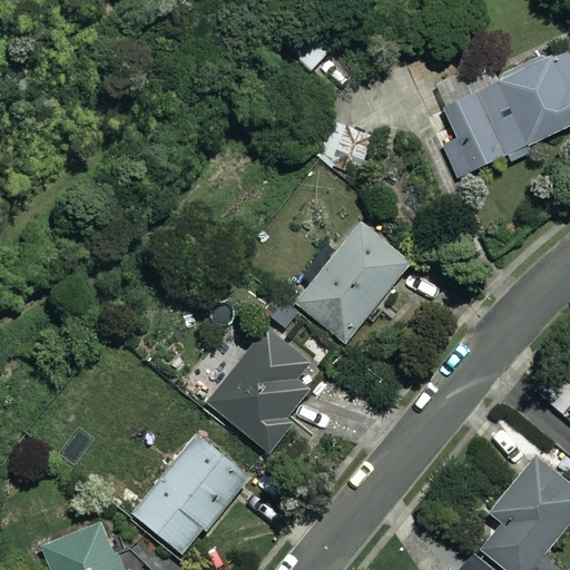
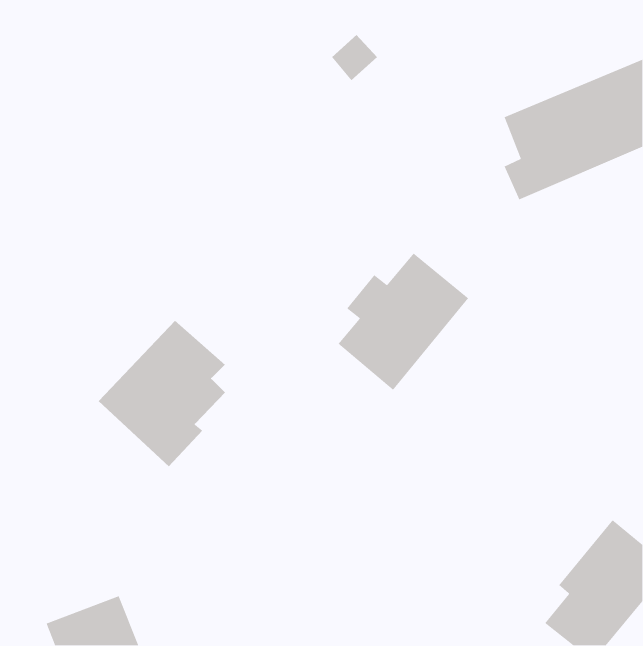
building: [203,326,315,455] -> [98,320,226,467]
building: [134,435,250,554] -> none

